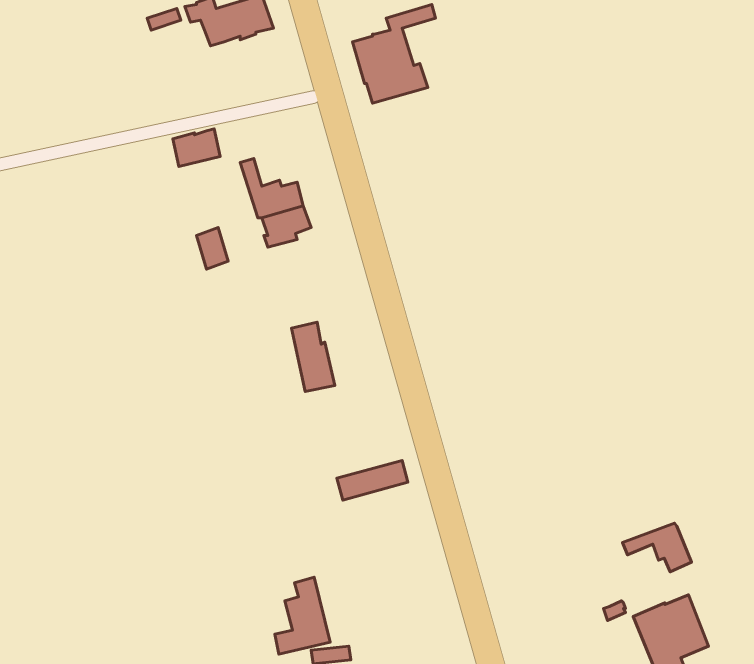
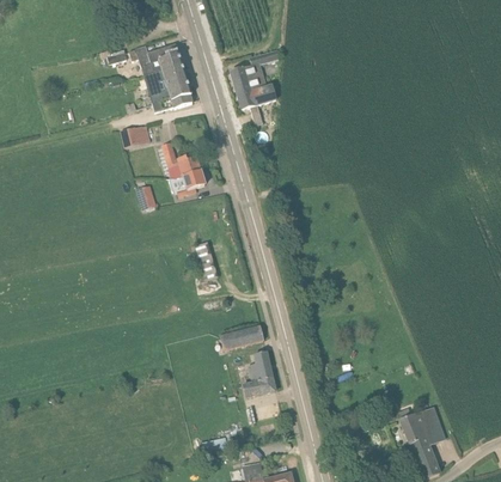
building: none -> [143,63,191,111]
building: [623,523,692,572] -> none
building: [275,577,330,654] -> [242,350,275,397]

